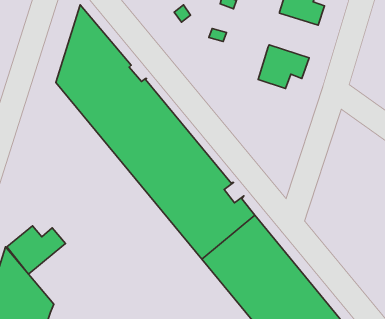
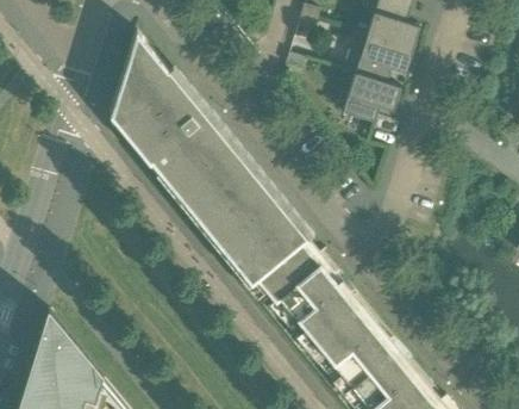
building: none -> [342,31,412,83]
building: [7,226,65,274] -> none

